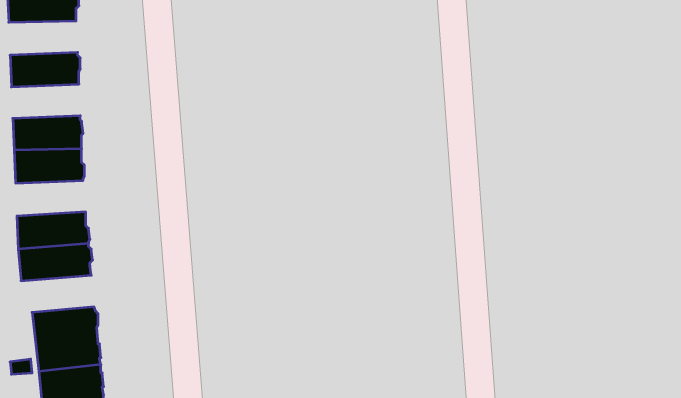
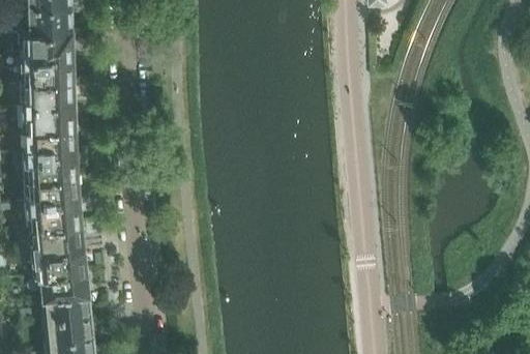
building: none -> [21,52,75,78]
building: none -> [23,99,76,125]
building: none -> [26,172,80,199]
building: none -> [30,243,87,271]

